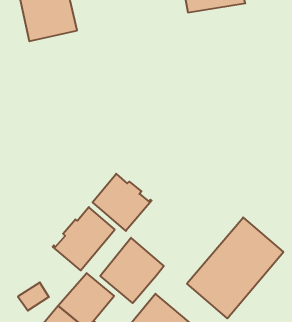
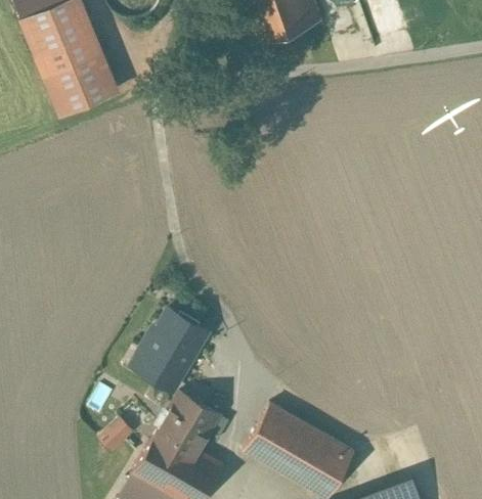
building: [93,174,152,231] -> none
building: [187,217,283,318] -> none
building: [100,238,164,303] -> none

